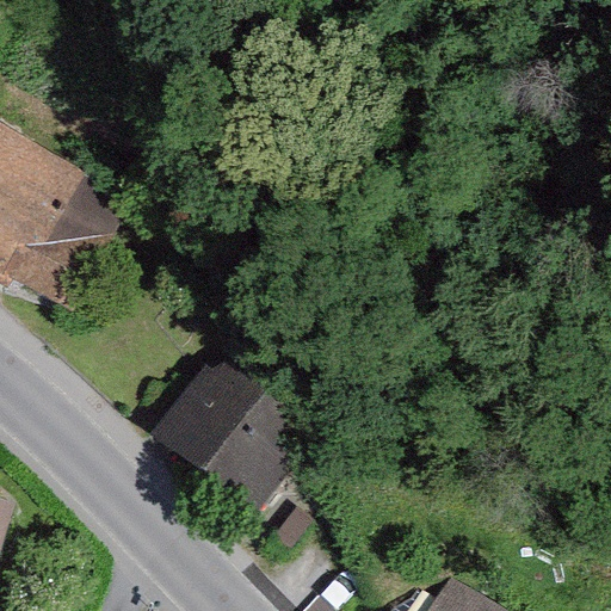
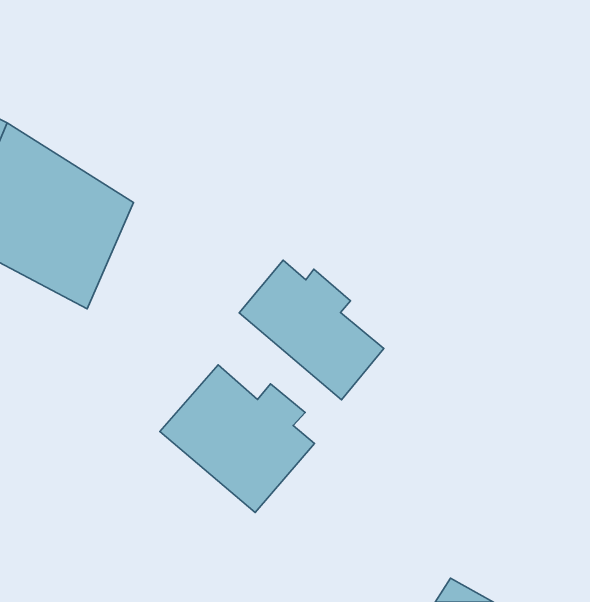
building: none -> [239,260,384,400]

